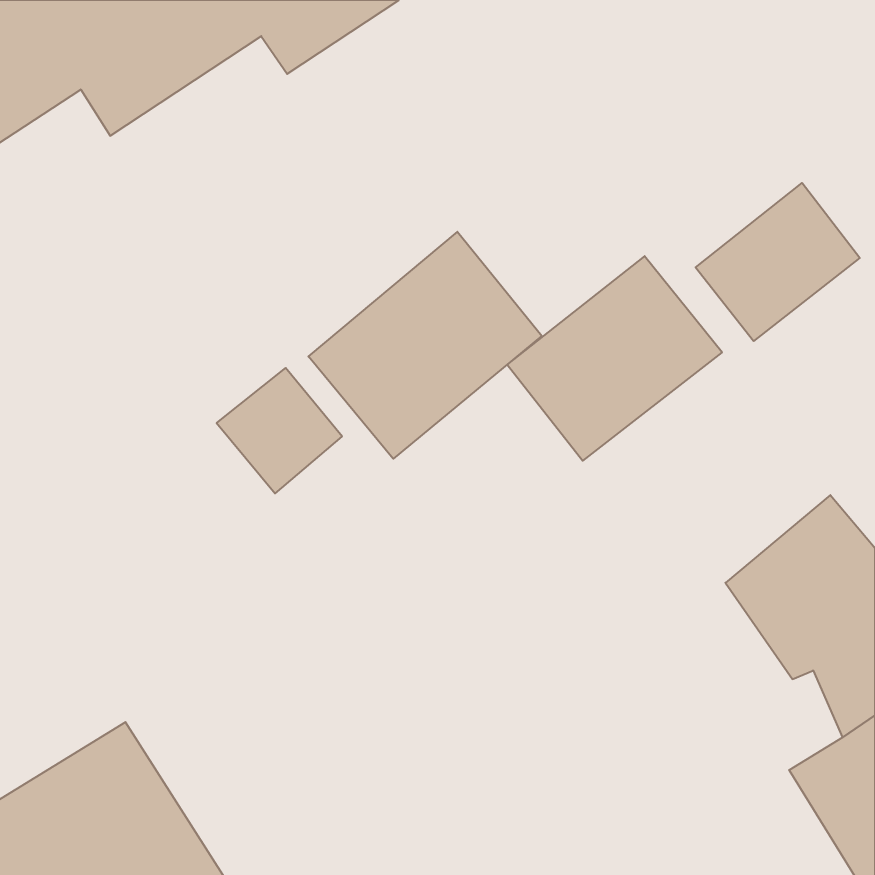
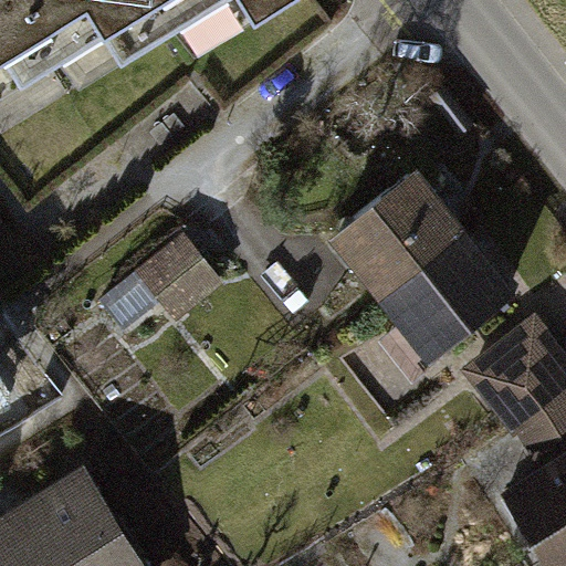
building: [696,183,860,341] -> none
building: [308,232,542,459] -> none
building: none -> [375,229,513,361]

